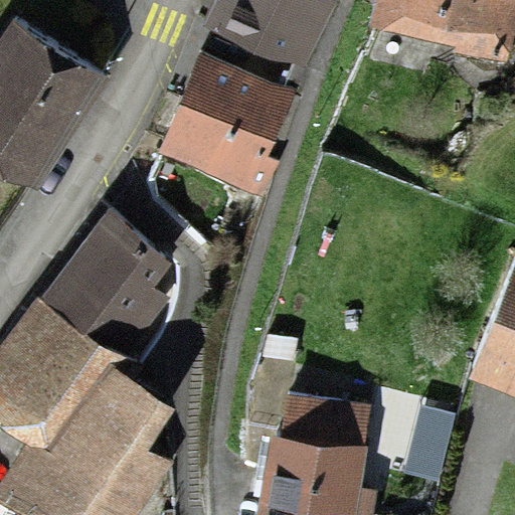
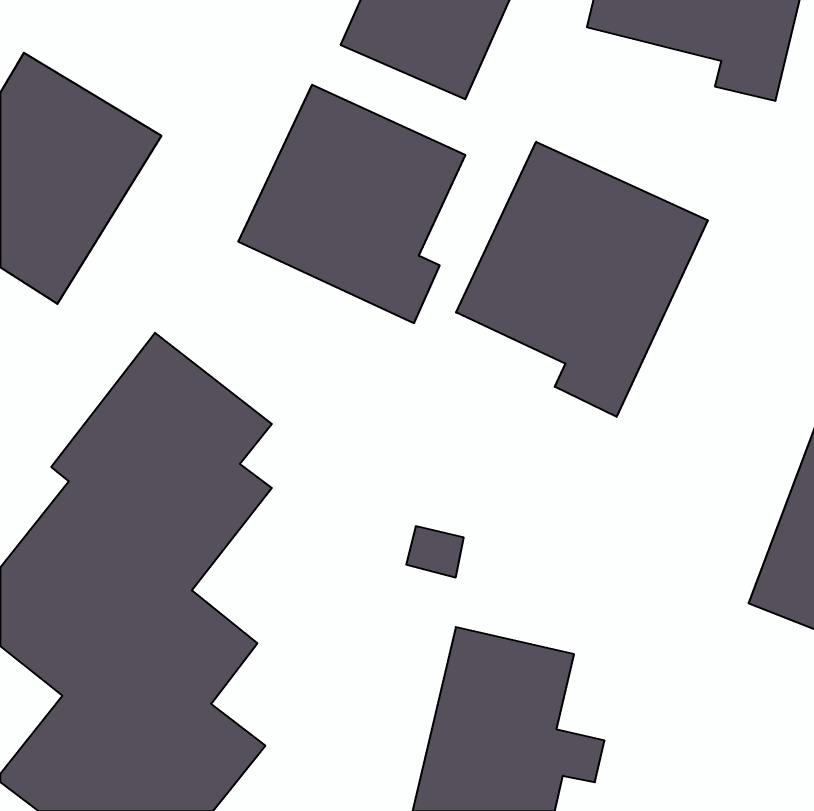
building: none -> [456,142,708,417]

